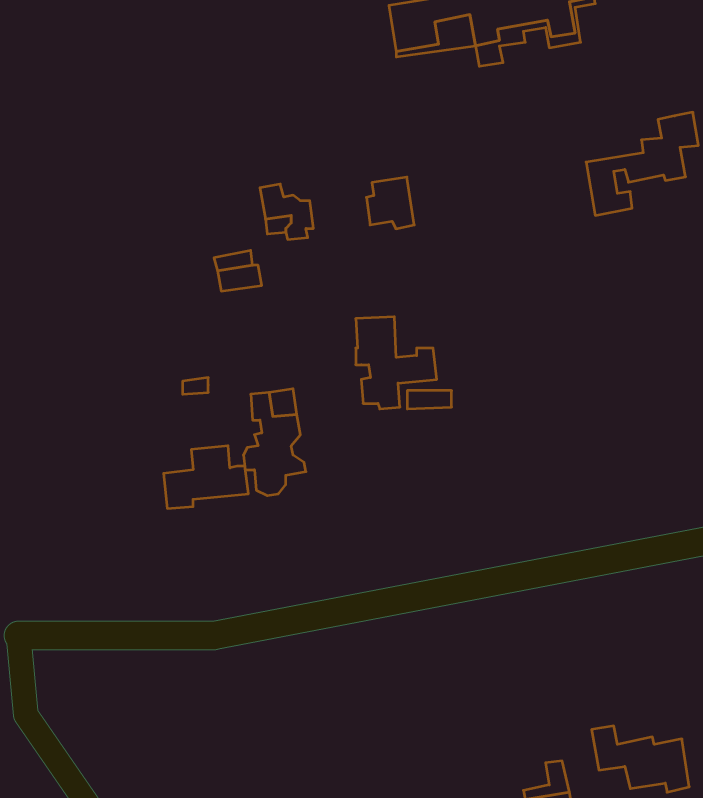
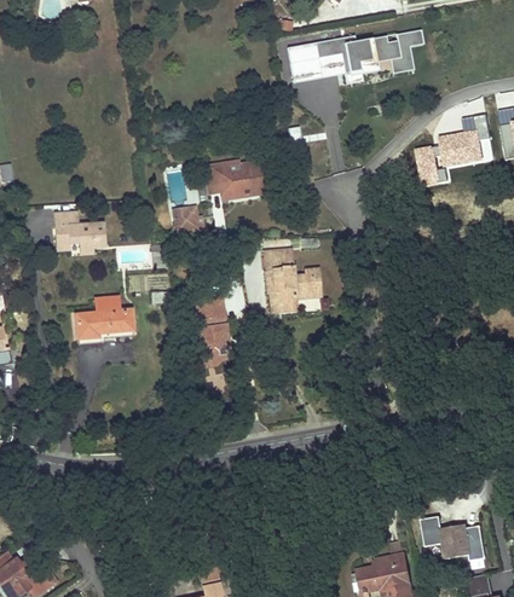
building: [366,177,414,229] -> [235,161,266,195]
building: none -> [54,213,105,249]
building: [164,446,248,508] -> [76,296,132,337]

